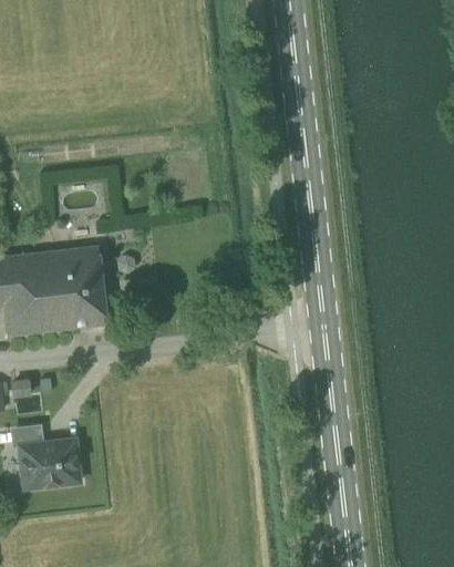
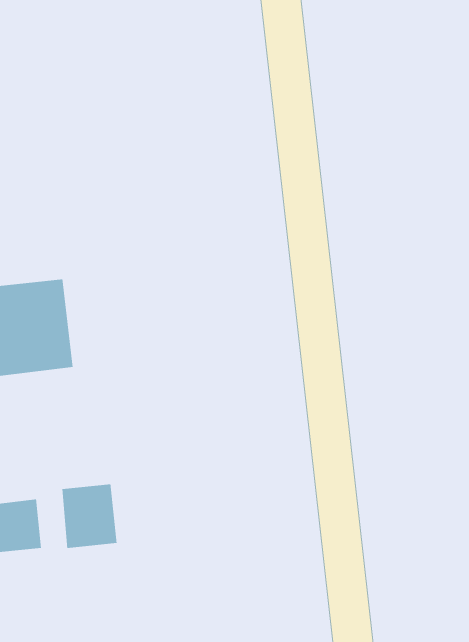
building: none -> [62,484,117,549]

